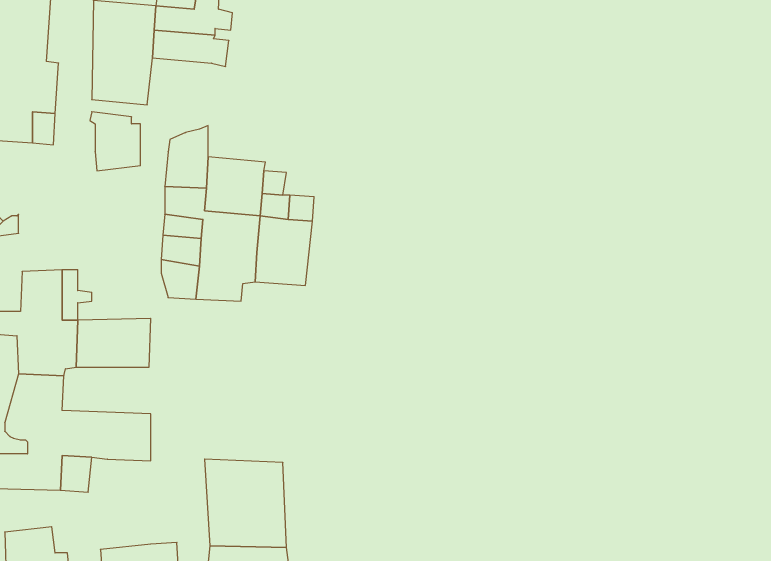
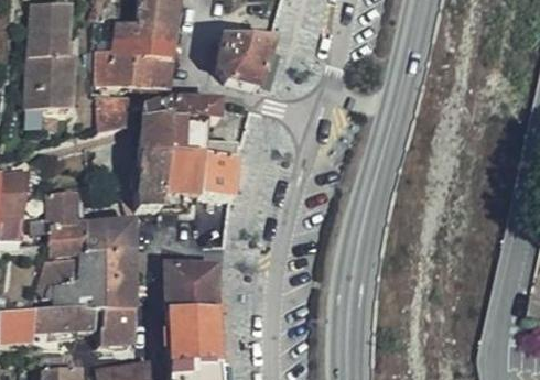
building: none -> [218,35,272,88]
building: none -> [131,55,172,89]
building: none -> [170,93,219,121]
building: none -> [77,251,153,293]
building: none -> [165,262,217,312]
building: none -> [101,310,133,345]

